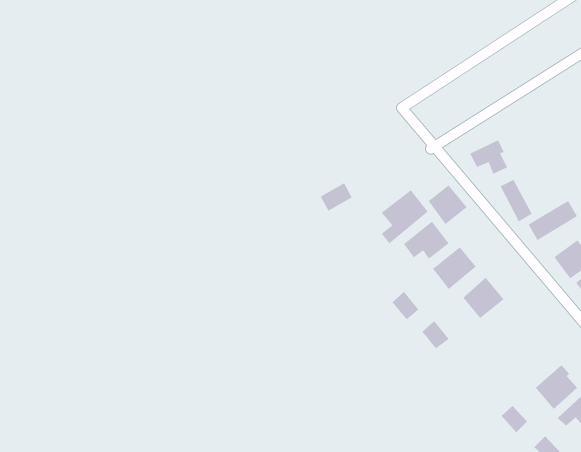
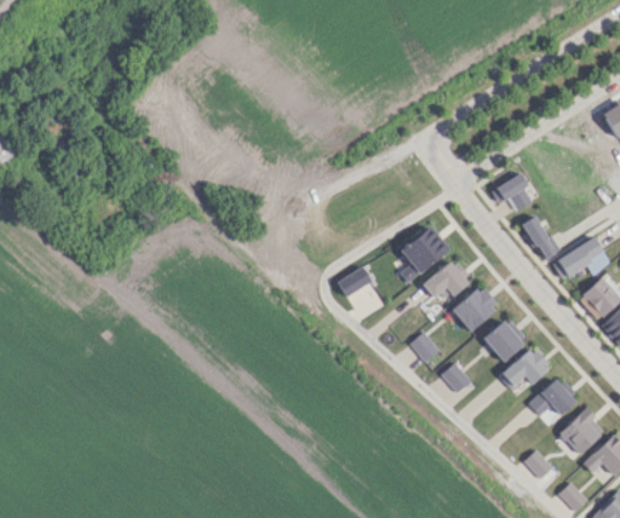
building: [320,182,353,212] -> [338,266,372,297]
building: [428,185,467,225] -> none
building: none -> [499,347,550,390]
building: none -> [529,376,578,416]

